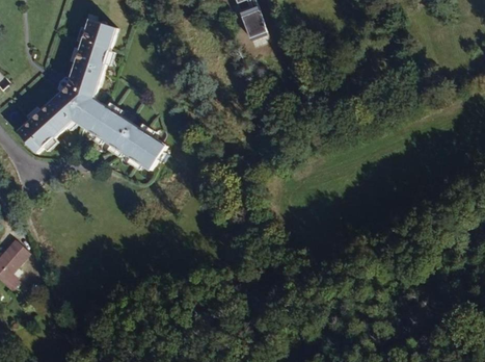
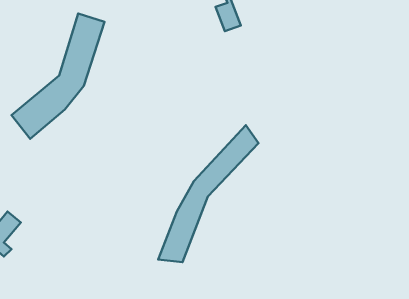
building: [73,97,168,172] -> none
building: none -> [158,125,258,262]

